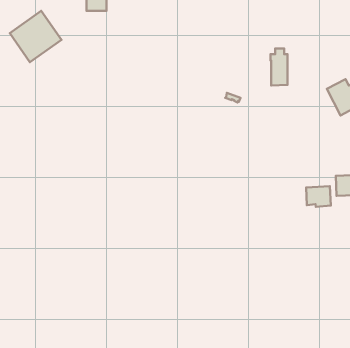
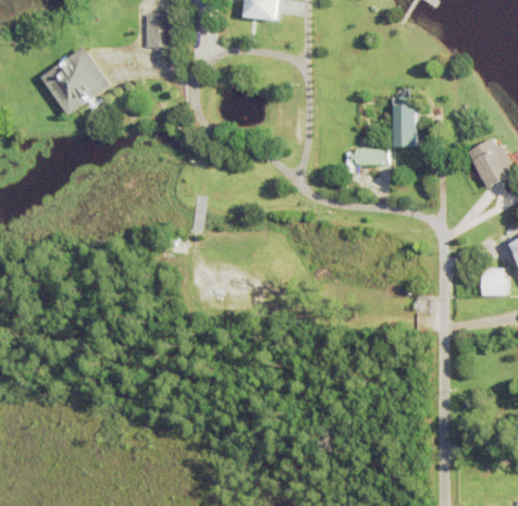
building: none -> [354,147,386,164]
building: [306,186,331,207] -> none

